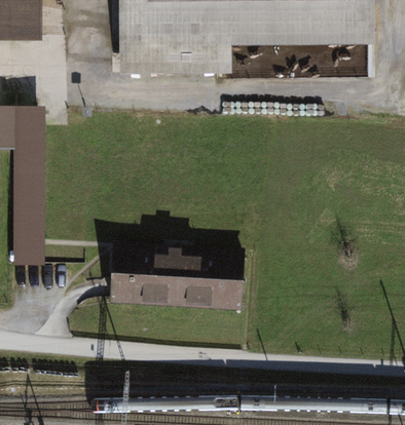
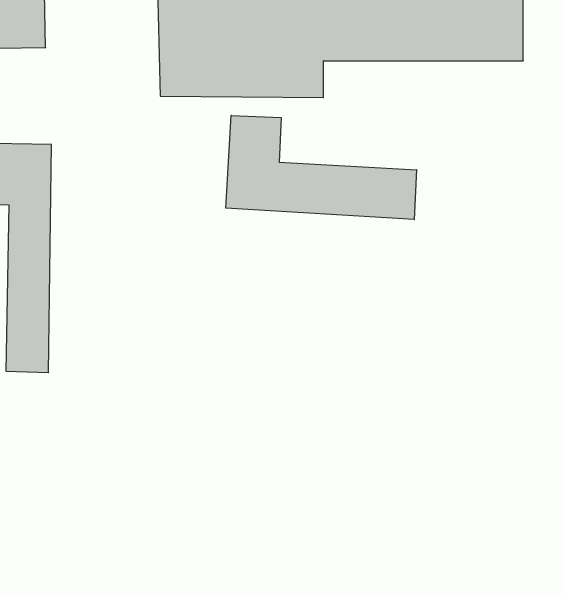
building: none -> [226,115,417,220]
building: [106,238,245,311] -> none

